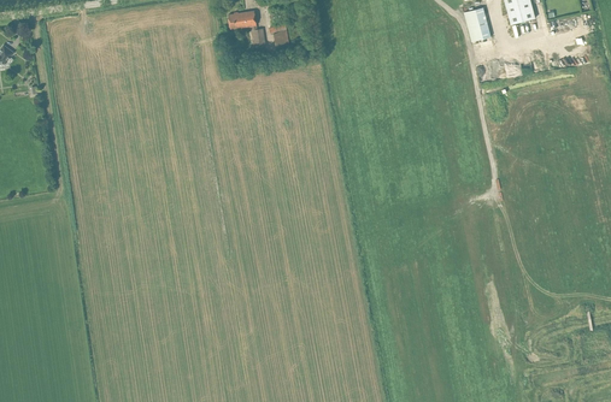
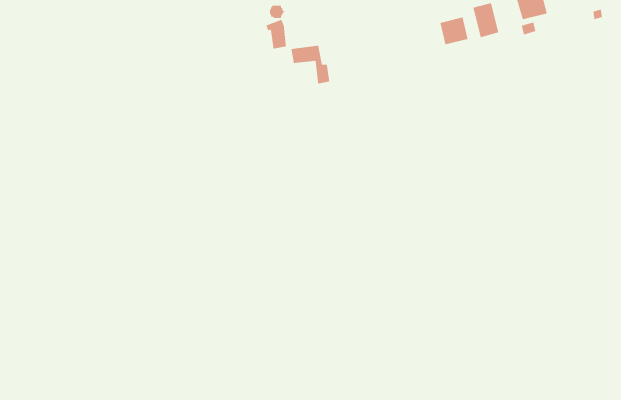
building: [228,11,265,48] -> [291,45,330,84]
building: none -> [439,16,469,45]

